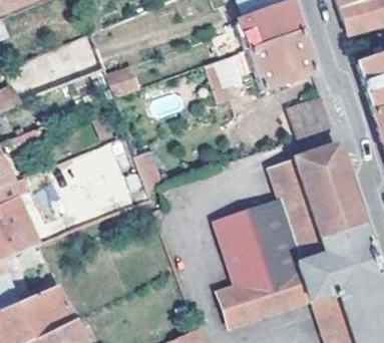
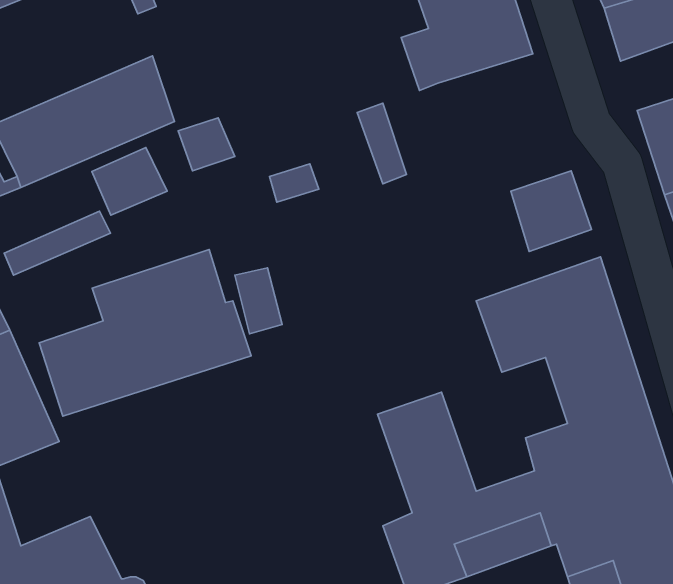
building: [247,31,313,89] -> none
building: none -> [92,147,167,215]
building: [249,198,318,271] -> none

